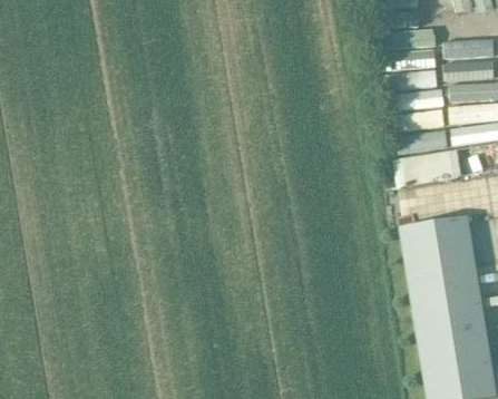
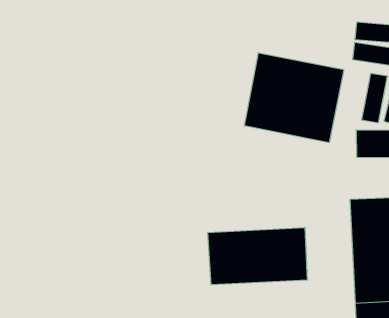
building: none -> [245,53,344,143]
building: none -> [208,227,307,285]

